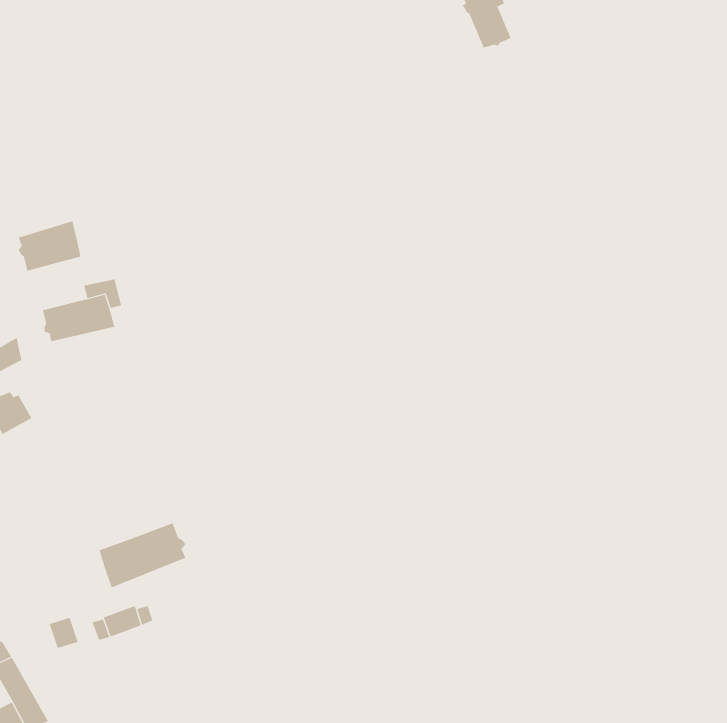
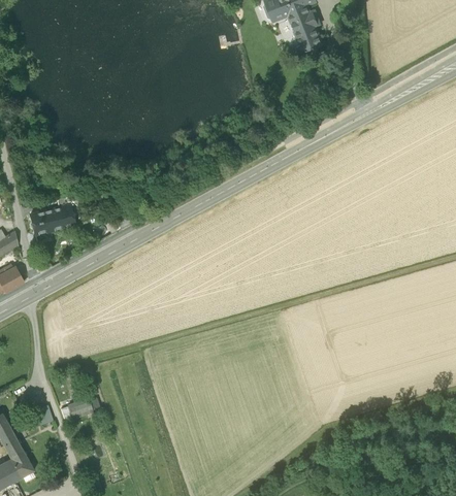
building: [18,221,81,271] -> none
building: [99,523,186,588] -> none

